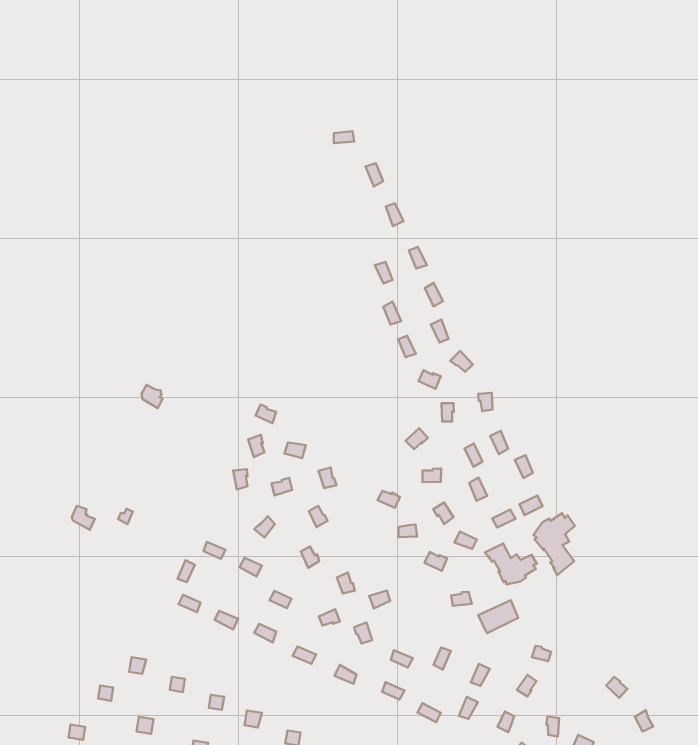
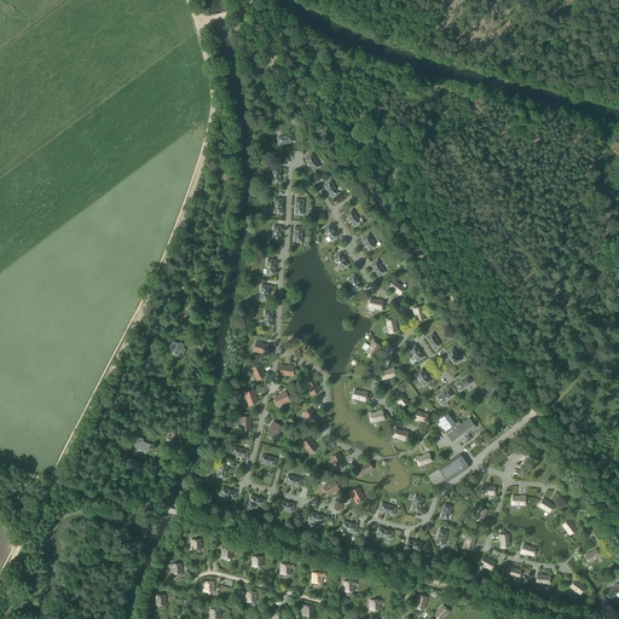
building: [534,513,575,575] -> none

